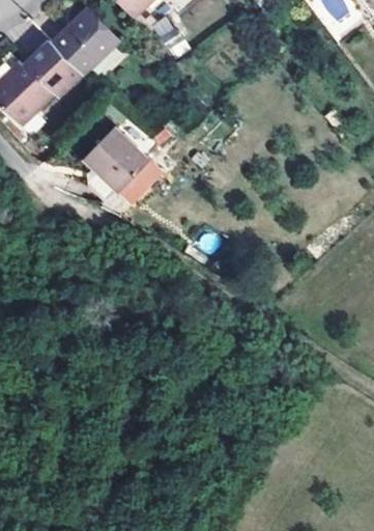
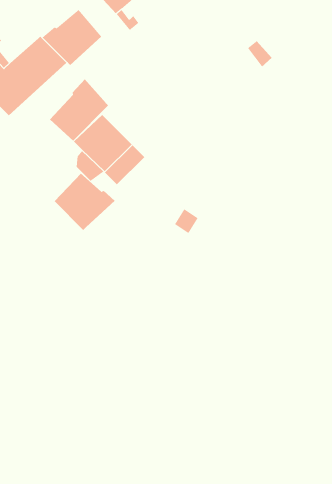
building: none -> [49,79,109,141]
building: none -> [54,173,115,231]

